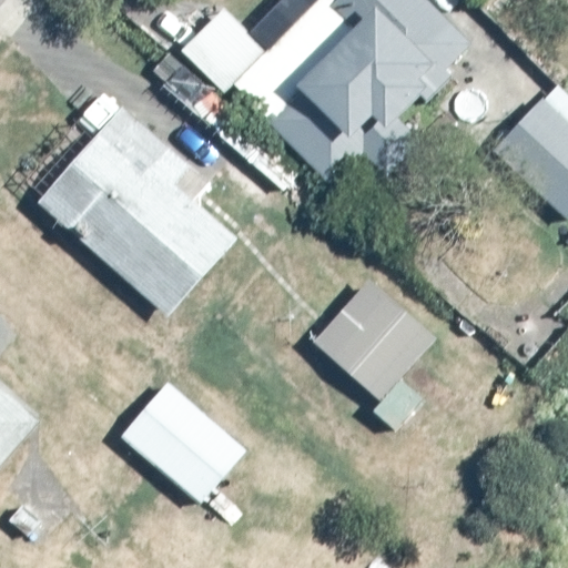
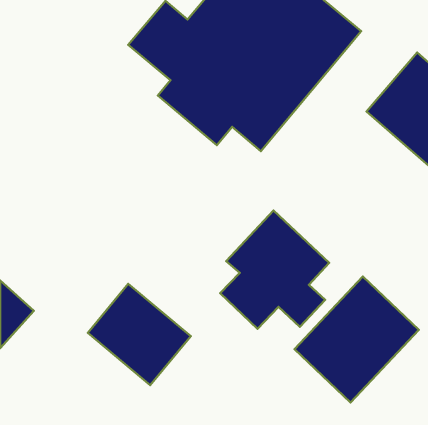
building: [38,106,237,311] -> none
building: none -> [294,276,419,403]

